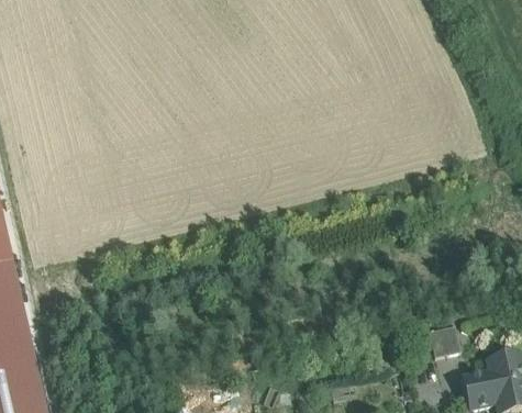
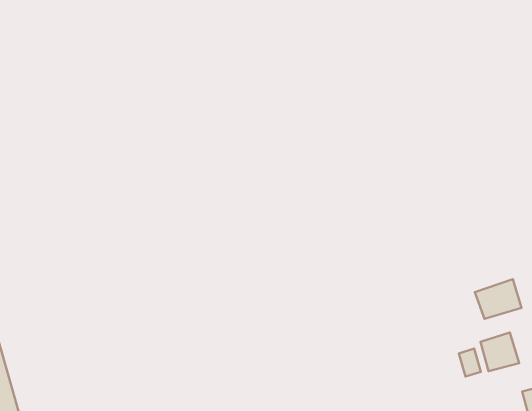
building: none -> [475,279,522,319]

